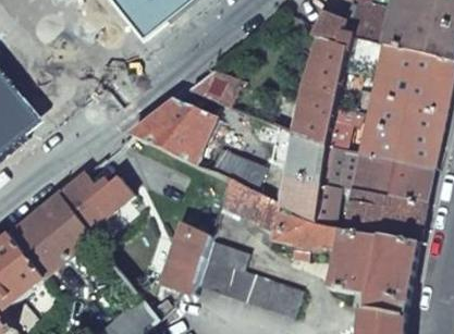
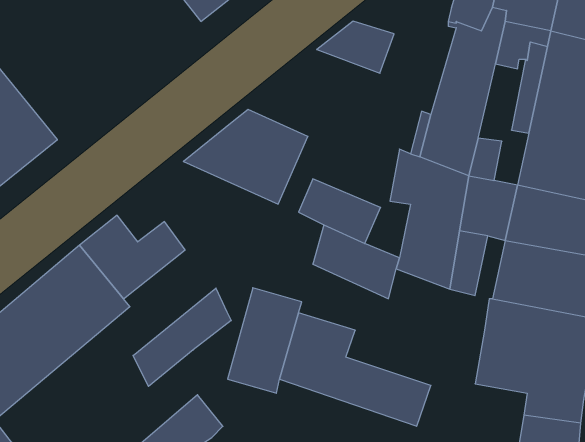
building: [185,70,238,106] -> [317,21,394,73]
building: [269,208,341,250] -> none
building: none -> [133,288,231,386]

